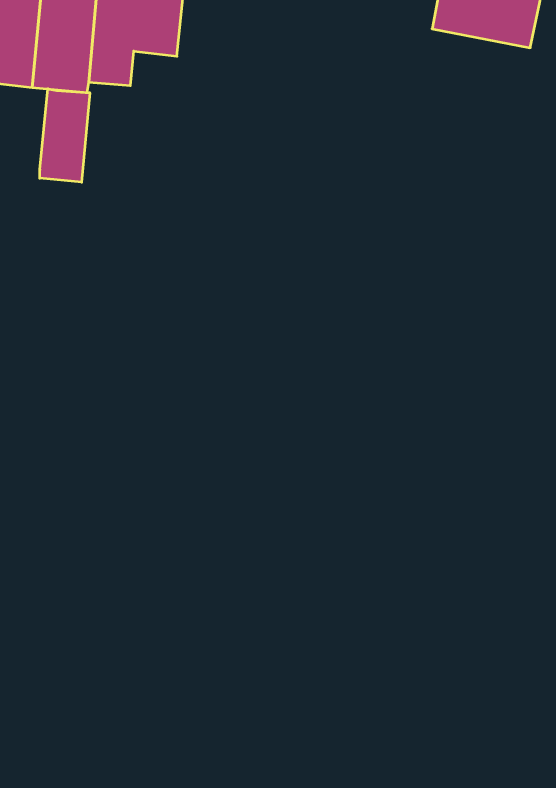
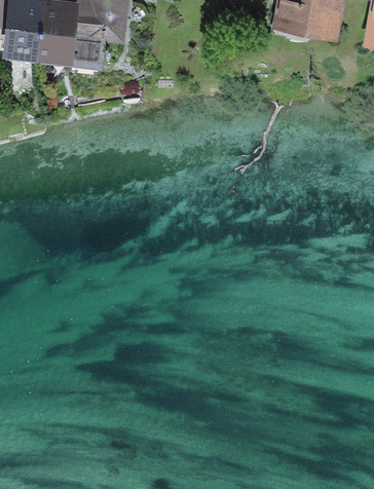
building: [40,89,90,182] -> none

